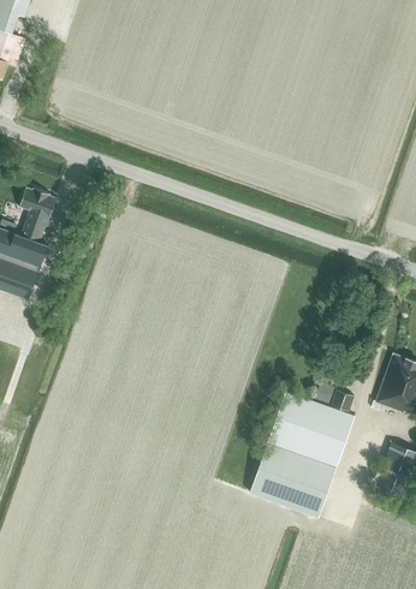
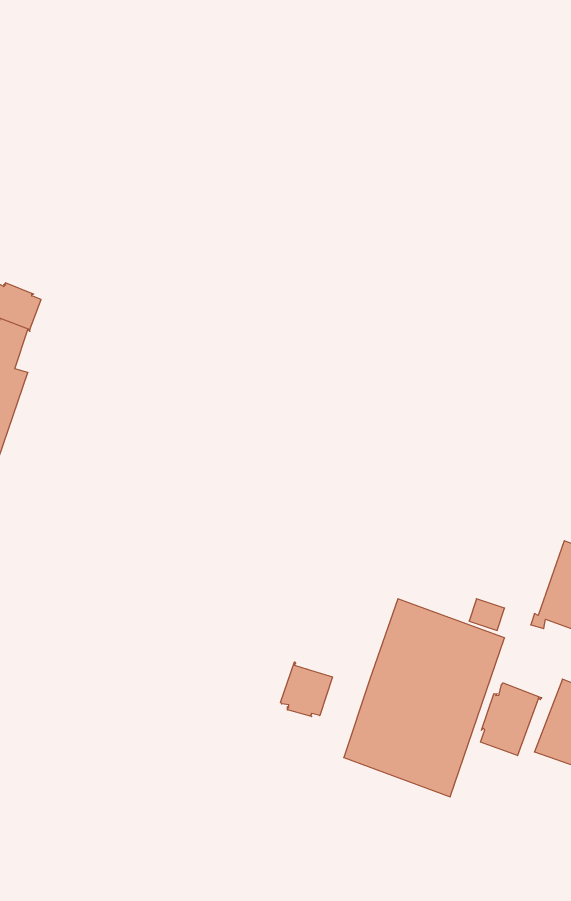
building: none -> [281,662,332,717]
building: none -> [481,683,542,756]

